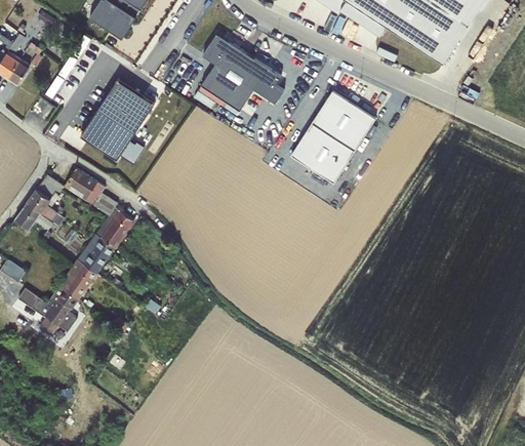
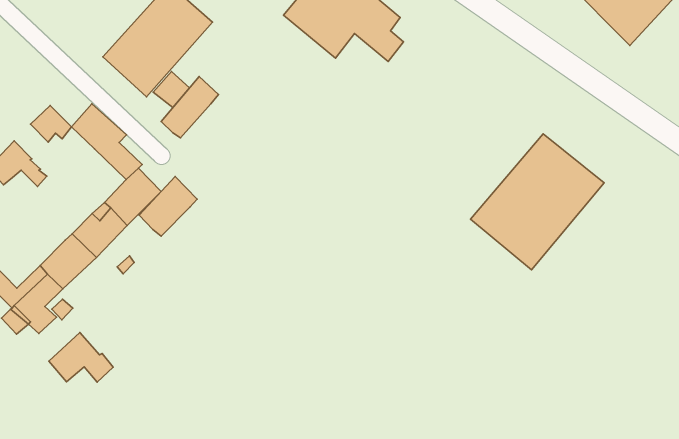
building: [288,88,376,184] -> [471,134,604,270]
building: none -> [161,77,219,138]
building: [27,191,65,229] -> none
building: none -> [139,177,197,236]
building: none -> [49,332,113,382]

